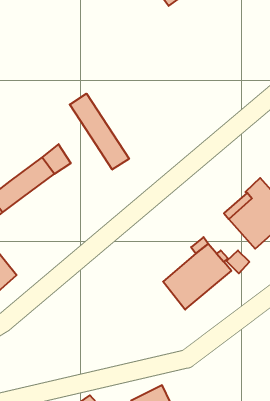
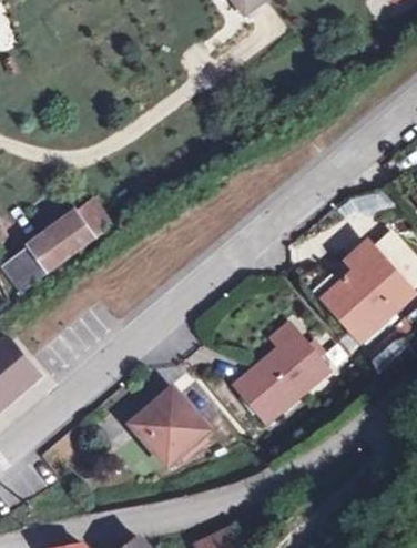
building: [70,94,129,170] -> none
building: none -> [138,388,208,465]

